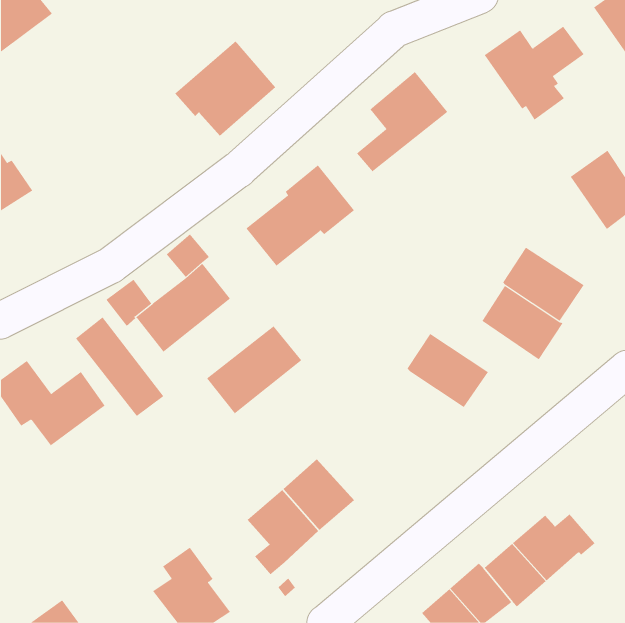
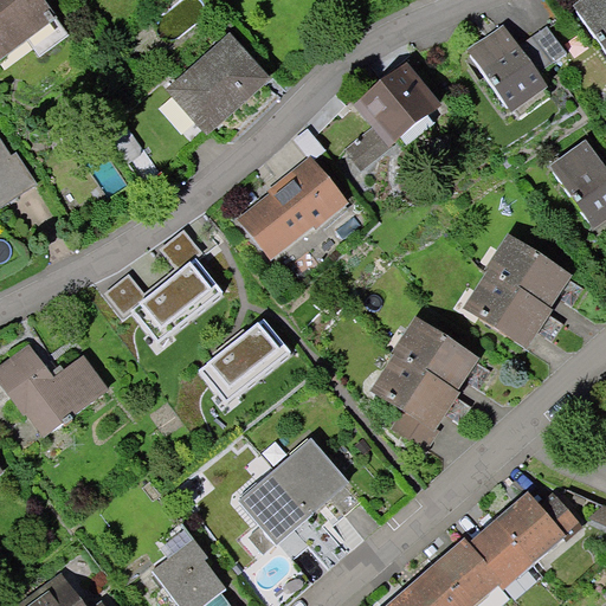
building: [75,317,164,417] -> none
building: none -> [374,357,453,446]

